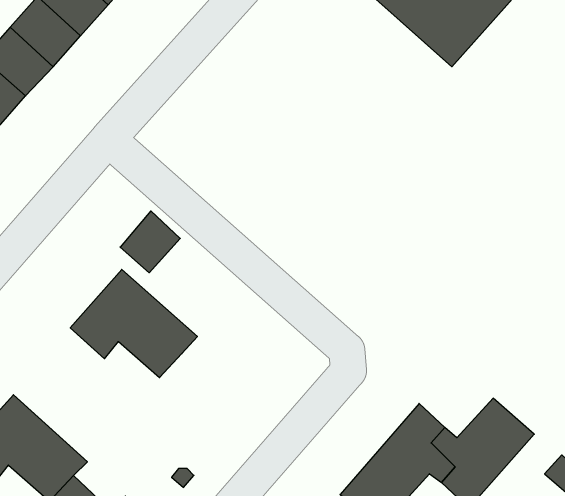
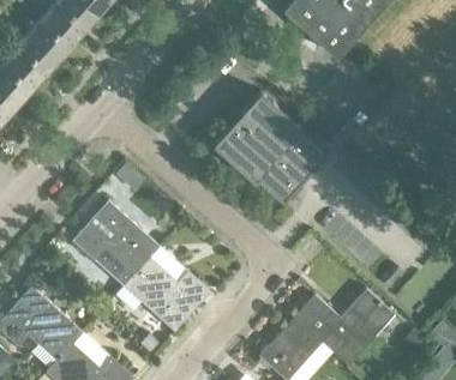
building: none -> [215,92,323,199]
building: none -> [122,258,210,332]

